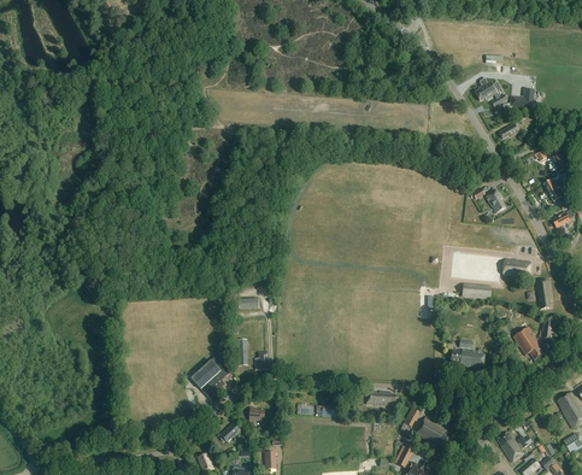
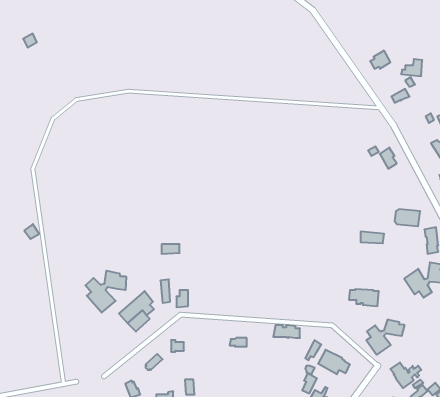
building: none -> [85,271,126,313]
building: none -> [366,319,404,355]

